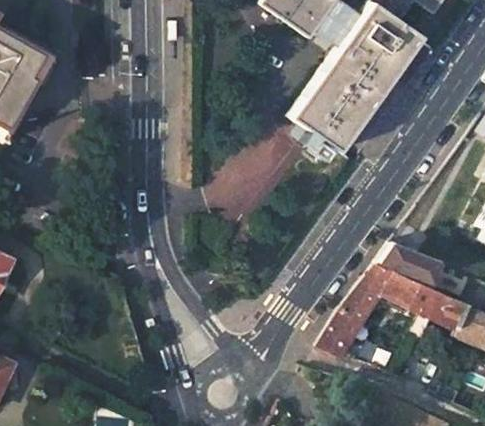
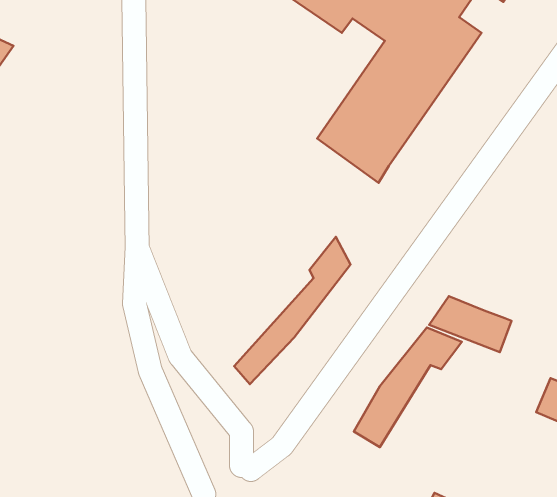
building: none -> [234,237,351,384]
building: [388,276,472,335] -> none

